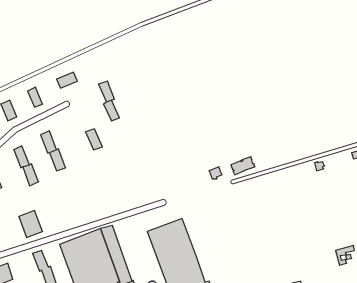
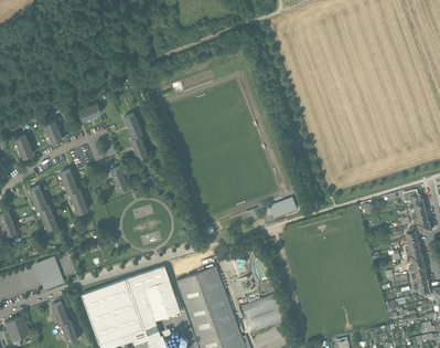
building: none -> [139,266,181,320]

